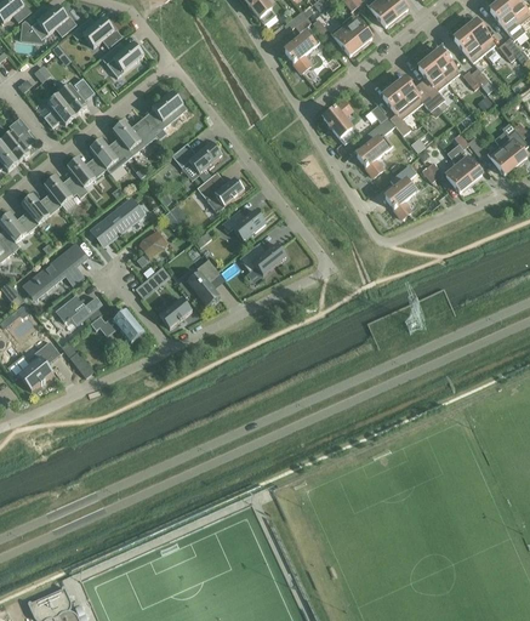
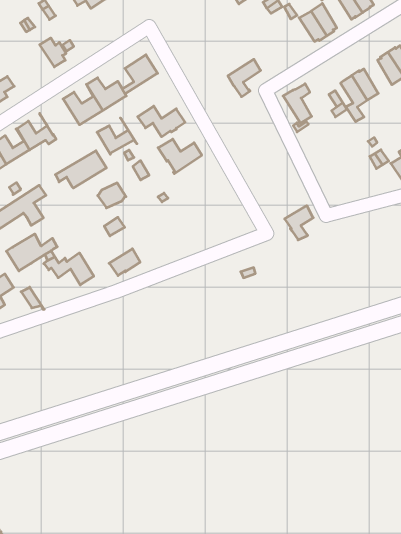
building: [285,30,319,72] -> [228,59,261,97]
building: [101,41,144,76] -> none
building: [44,92,76,126] -> none
building: [357,133,393,176] -> none
building: [67,147,110,187] -> [97,118,137,154]
building: [384,180,415,217] -> [285,206,313,240]
building: [222,210,266,241] -> none
building: [239,243,287,274] -> none
building: [187,258,226,307] -> none

